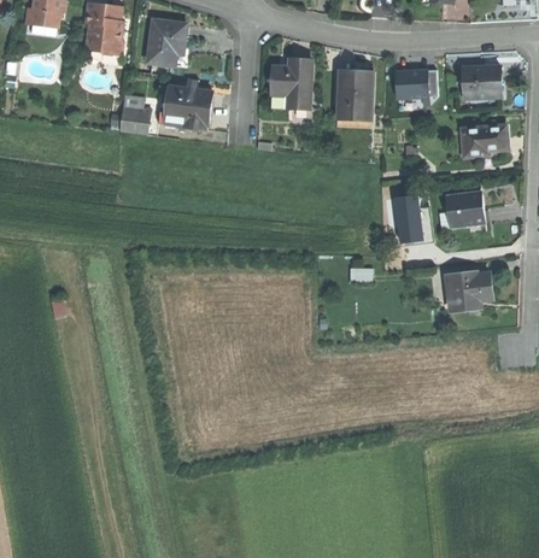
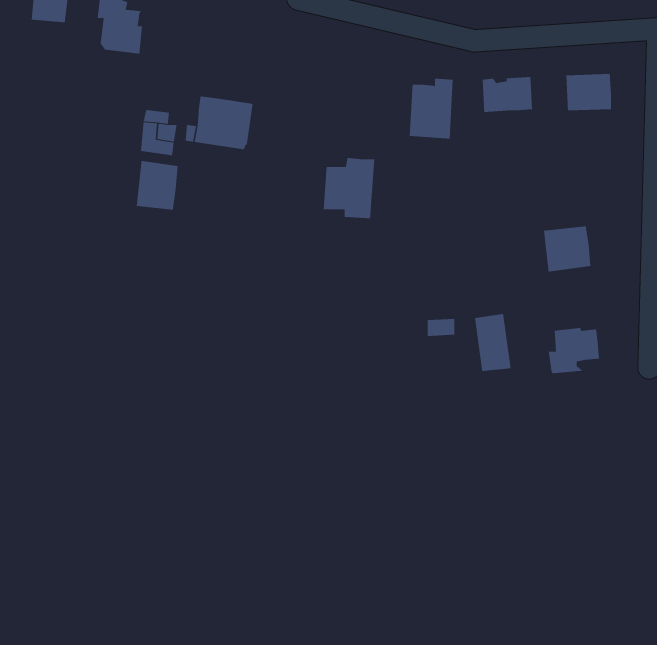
building: [147,19,186,65] -> none
building: [270,59,312,108] -> [323,157,375,219]
building: [462,125,506,157] -> none
building: none -> [136,160,178,211]
building: [393,194,423,241] -> [474,313,511,372]

